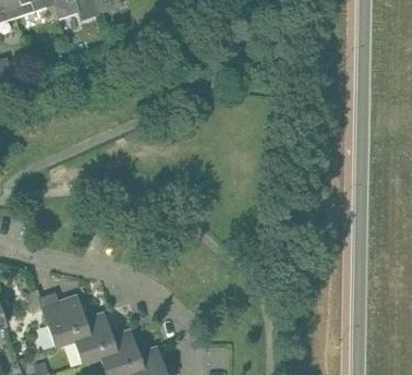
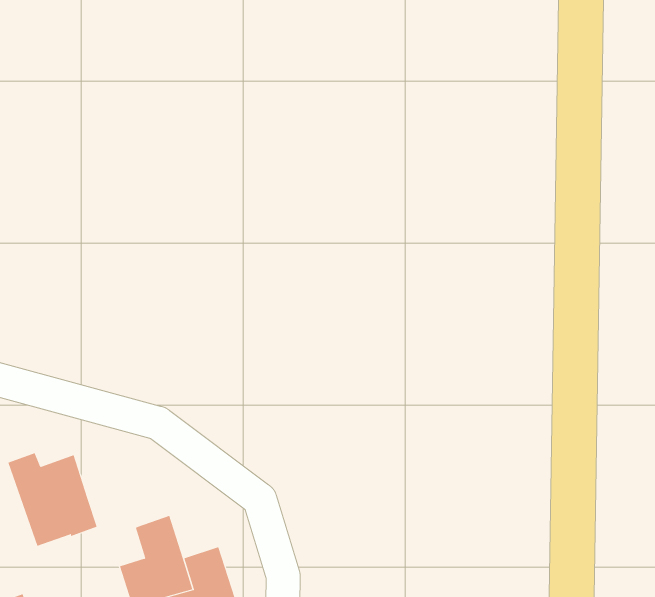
building: [74,312,116,363] -> none

